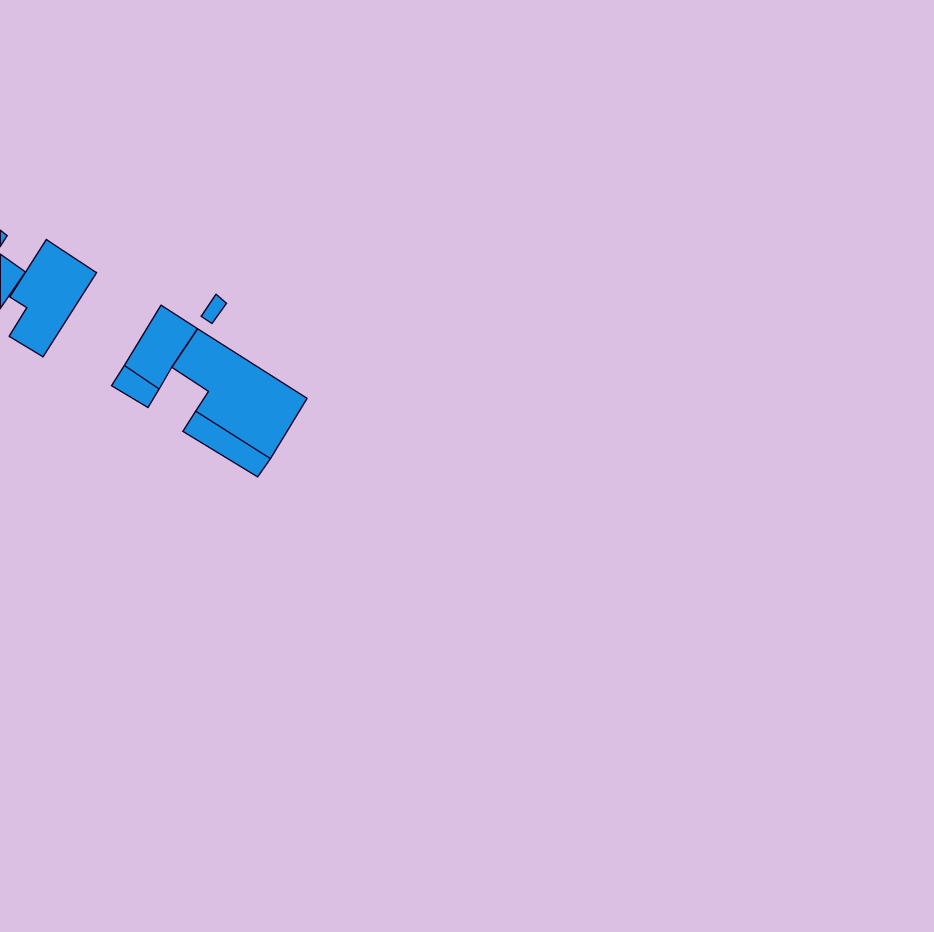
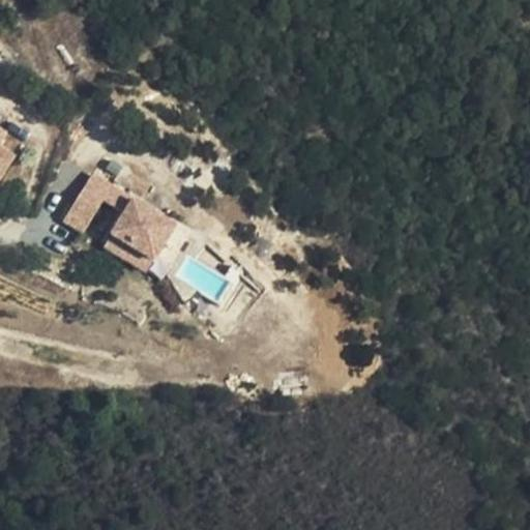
building: [9,239,97,357] -> none

